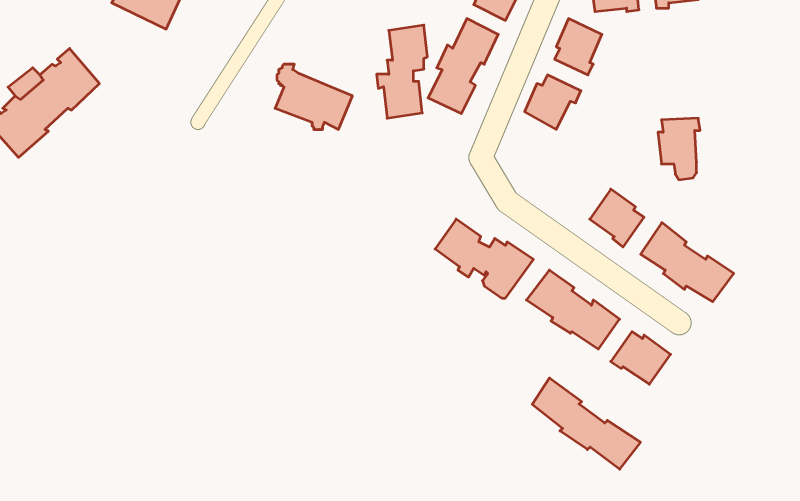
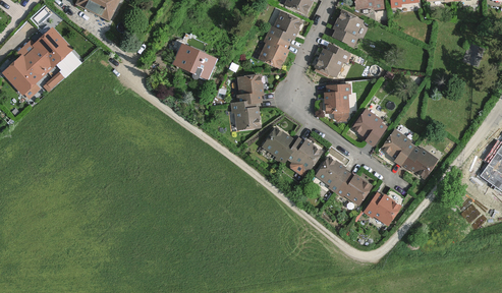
building: [377,25,427,118] -> [232,75,262,129]
building: [658,118,700,180] -> [325,85,349,121]
building: [532,378,640,469] -> none

